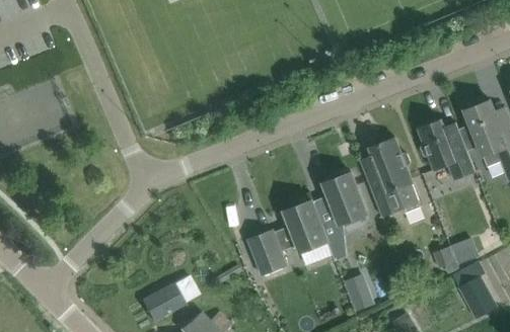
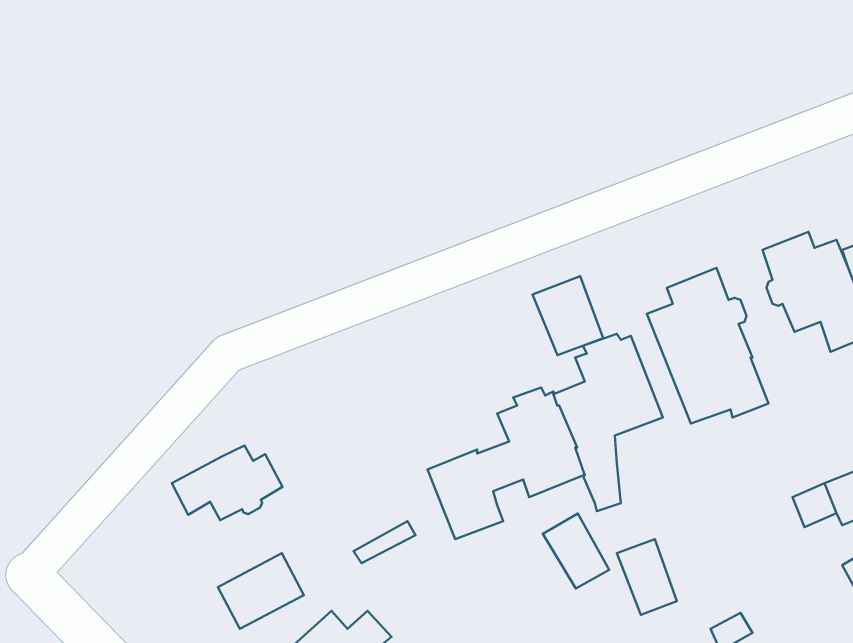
building: none -> [532,276,603,355]
building: none -> [172,445,283,520]
building: none -> [543,513,609,588]

